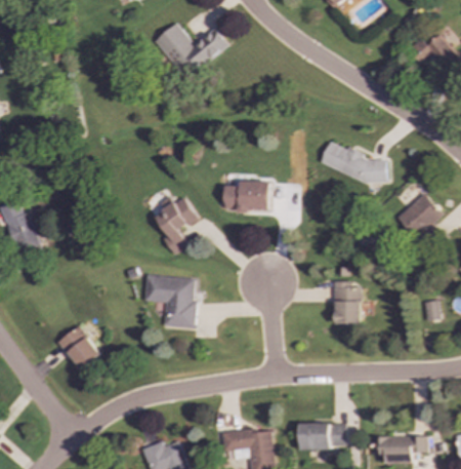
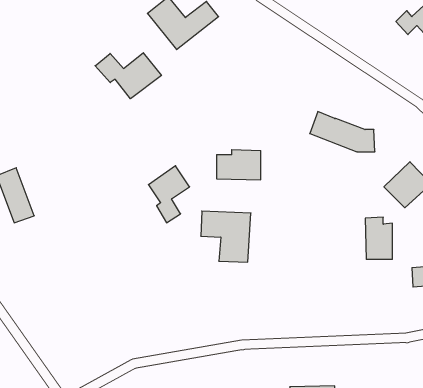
building: none -> [95,53,161,99]
building: [144,275,196,327] -> [201,211,251,262]
building: [333,280,361,323] -> [365,217,392,259]
building: [58,325,99,369] -> none

